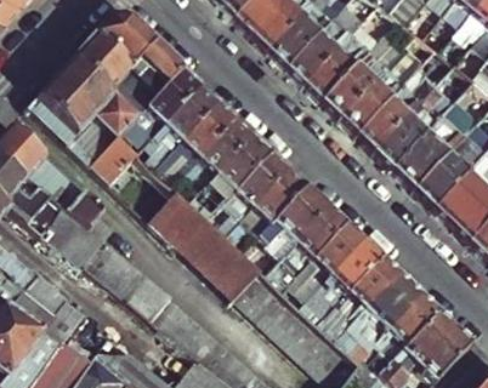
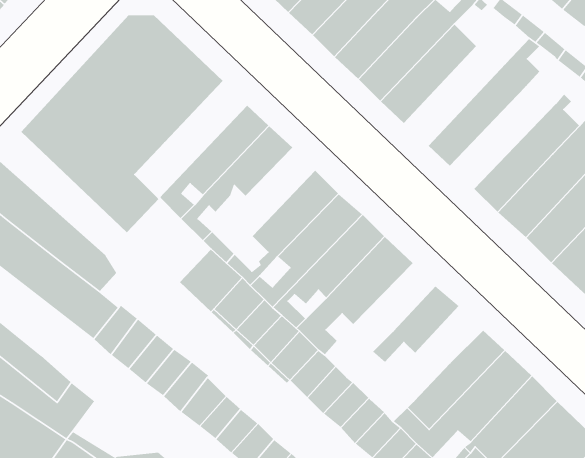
building: [323,39,401,119] -> none
building: [117,69,203,159] -> none
building: [358,74,439,152] -> none
building: [188,120,255,188] -> none
building: [282,209,347,273] -> none
building: [317,241,384,314] -> none

